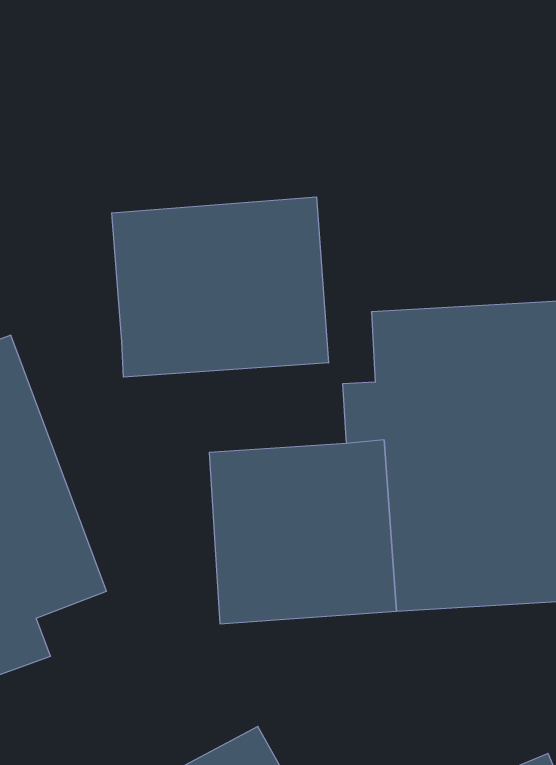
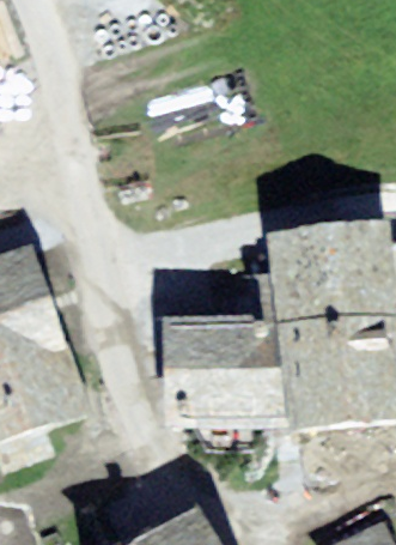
building: [112,197,329,377] -> none

